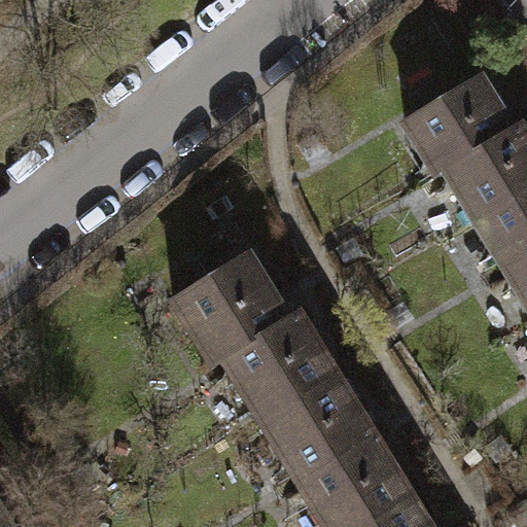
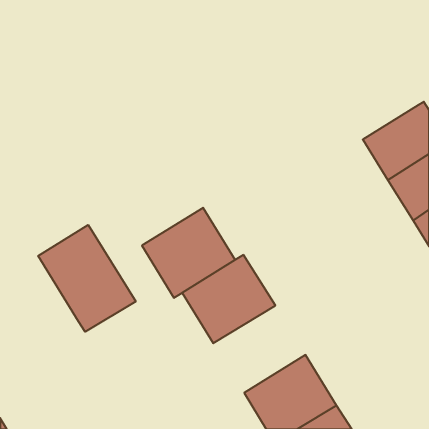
building: [406,76,513,175] -> none
building: none -> [38,225,136,332]
building: [261,374,375,481] -> none

